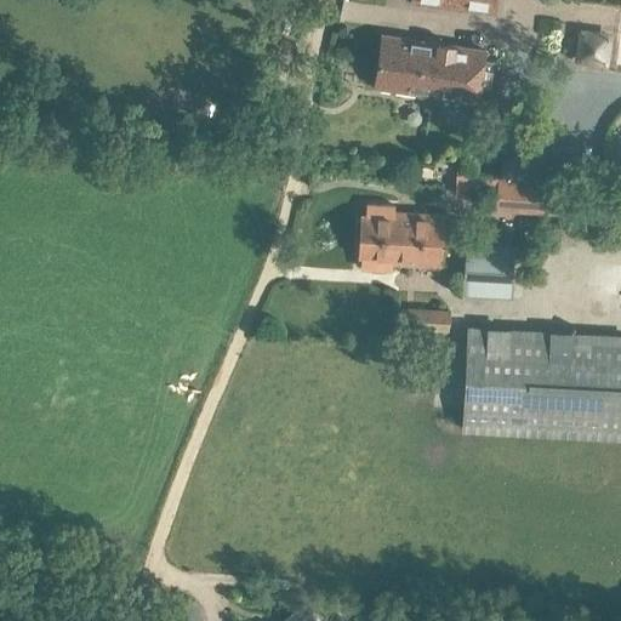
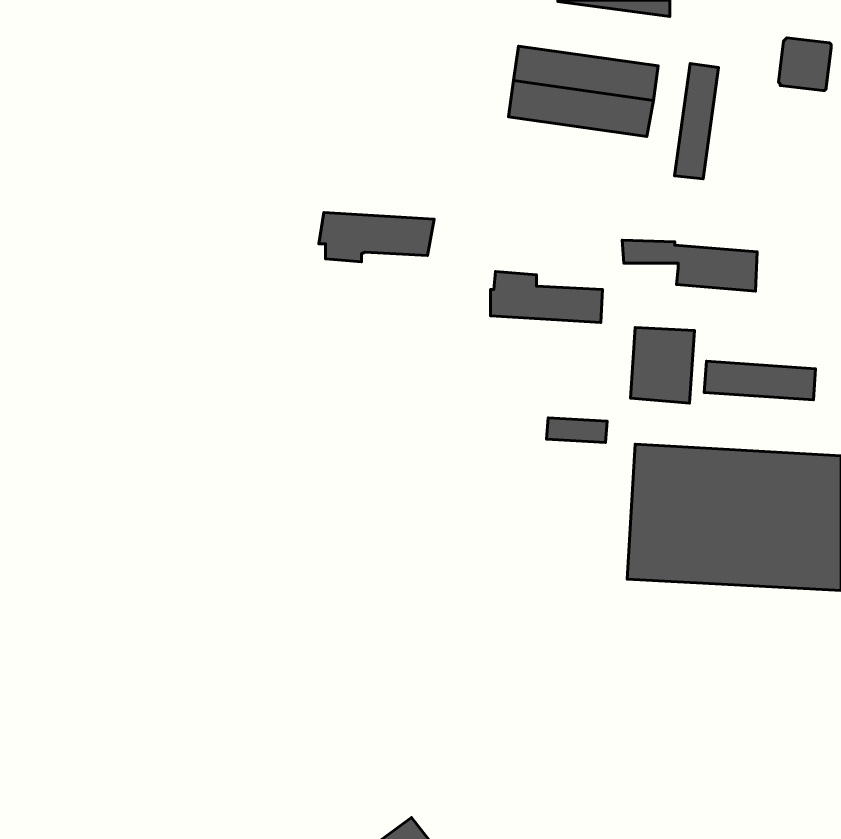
building: none -> [674,63,719,179]
building: [358,234,443,270] -> [319,213,434,262]
building: none -> [704,361,815,400]

